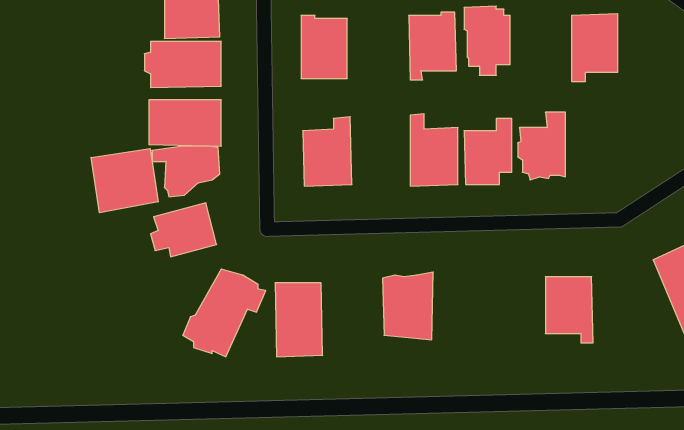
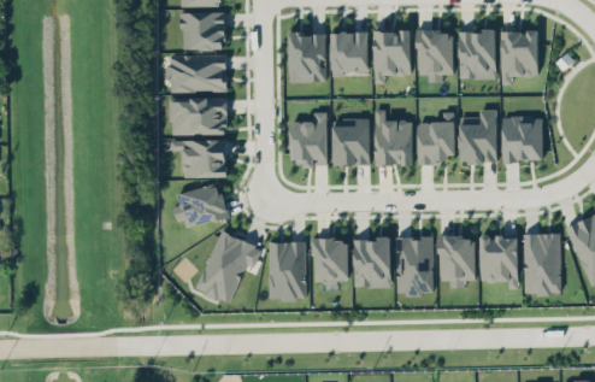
building: none -> [332,28,367,77]
building: none -> [459,33,496,81]
building: none -> [503,114,544,163]
building: none -> [331,116,370,163]
building: [91,149,158,213] -> none
building: none -> [524,231,561,294]
building: none -> [311,233,349,287]
building: none -> [438,233,476,288]
building: none -> [396,234,434,294]

